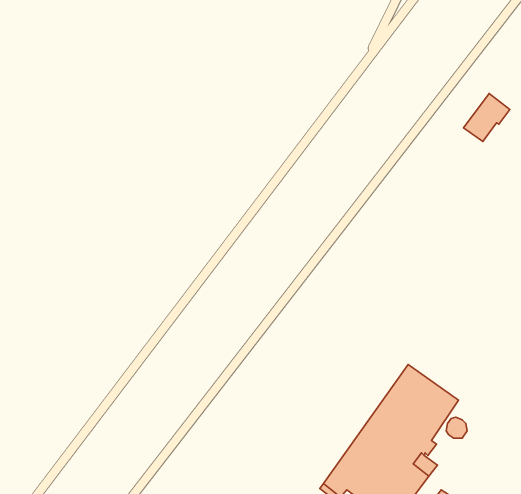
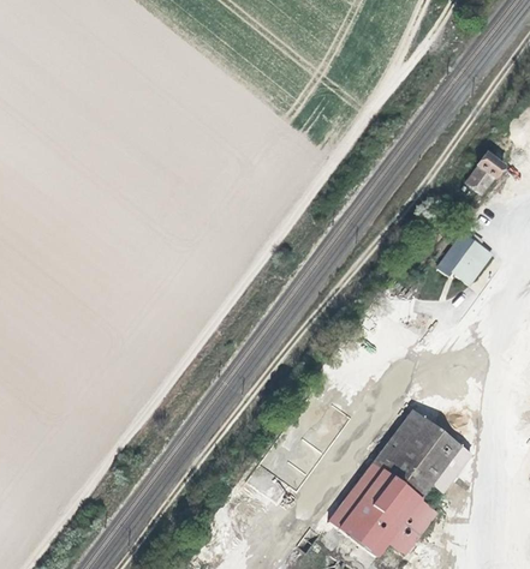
building: none -> [437,233,492,283]

